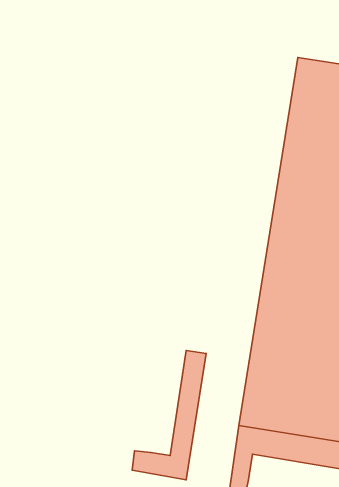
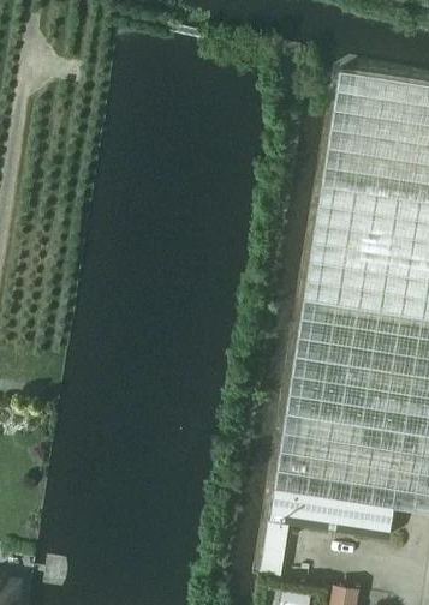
building: [132,350,206,480] -> none

